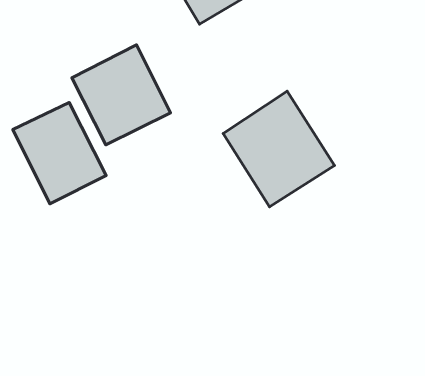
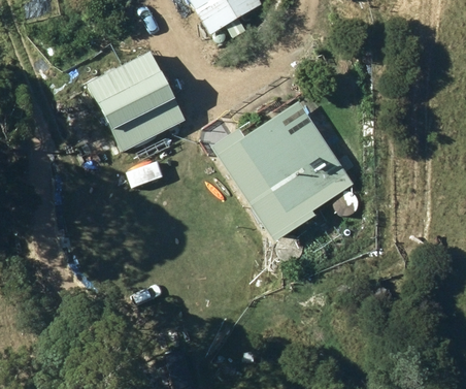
building: [13,102,106,204] -> none

